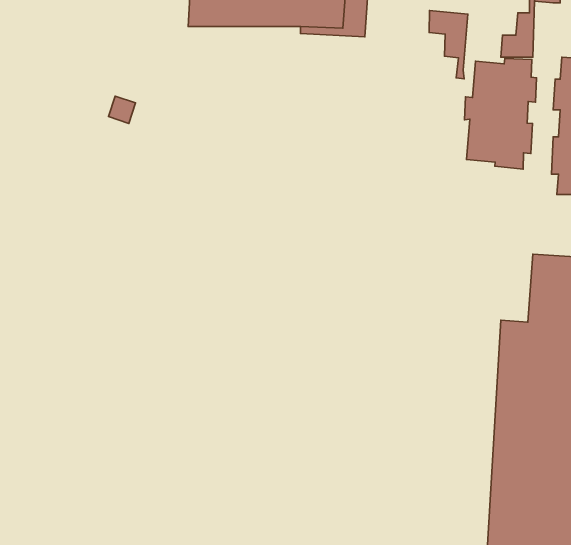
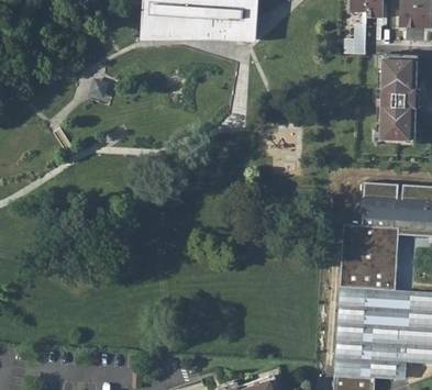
building: [429,10,468,79] -> none
building: [464,58,537,169] -> none

